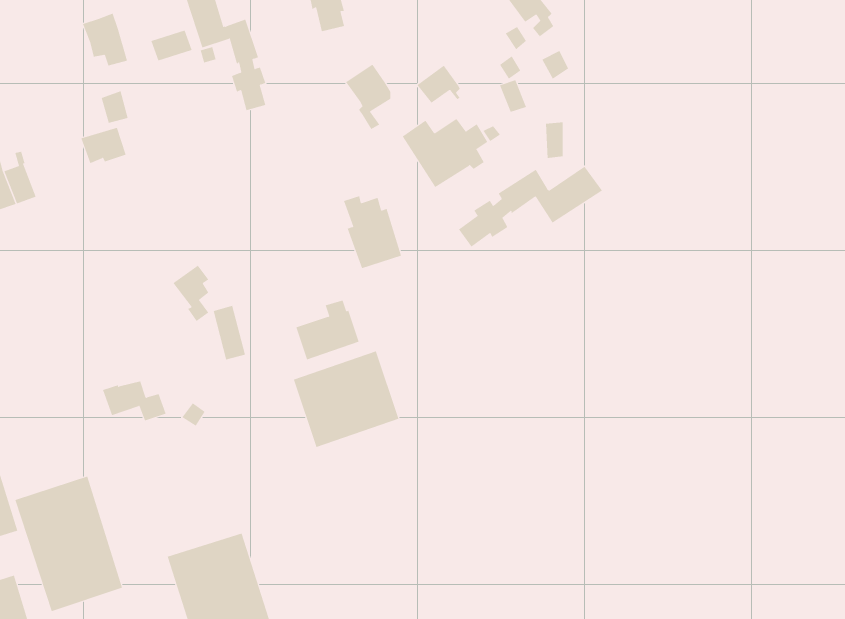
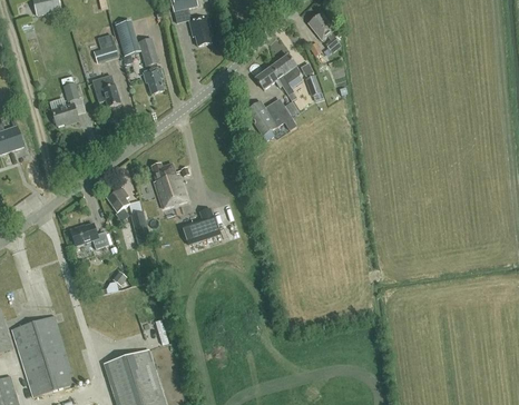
building: [82,13,128,66] -> [91,75,119,107]
building: [345,64,391,130] -> [271,55,298,95]
building: [458,166,603,247] -> none
building: [343,195,402,269] -> [150,162,186,207]
building: [293,350,399,448] -> none
building: [102,381,167,421] -> [69,224,108,248]

